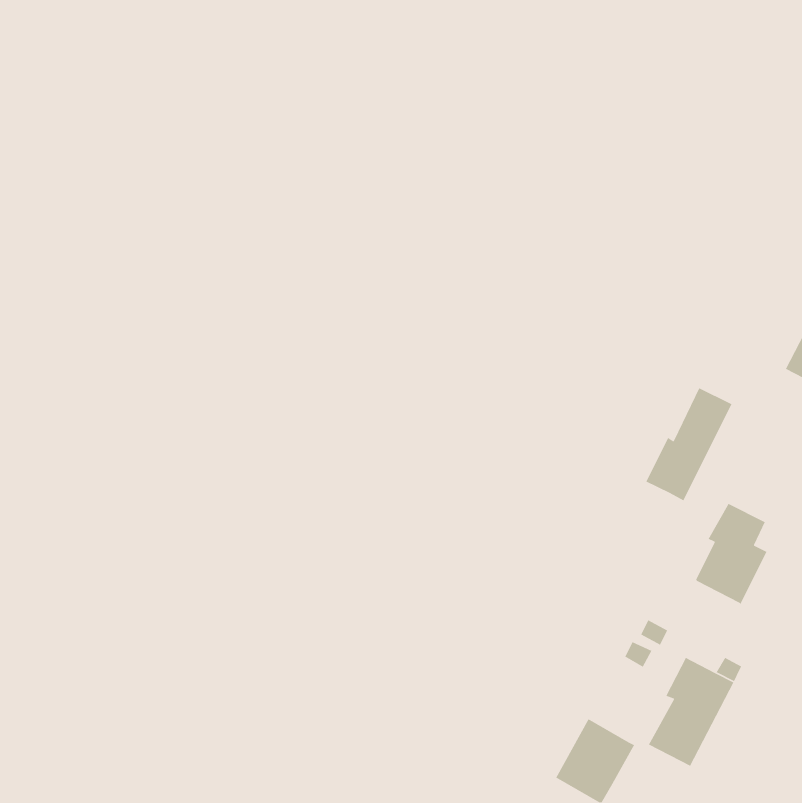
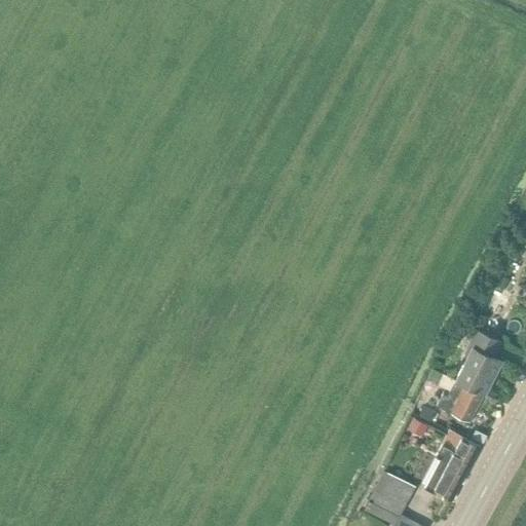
building: [645,387,733,501] -> none
building: none -> [438,380,484,422]

